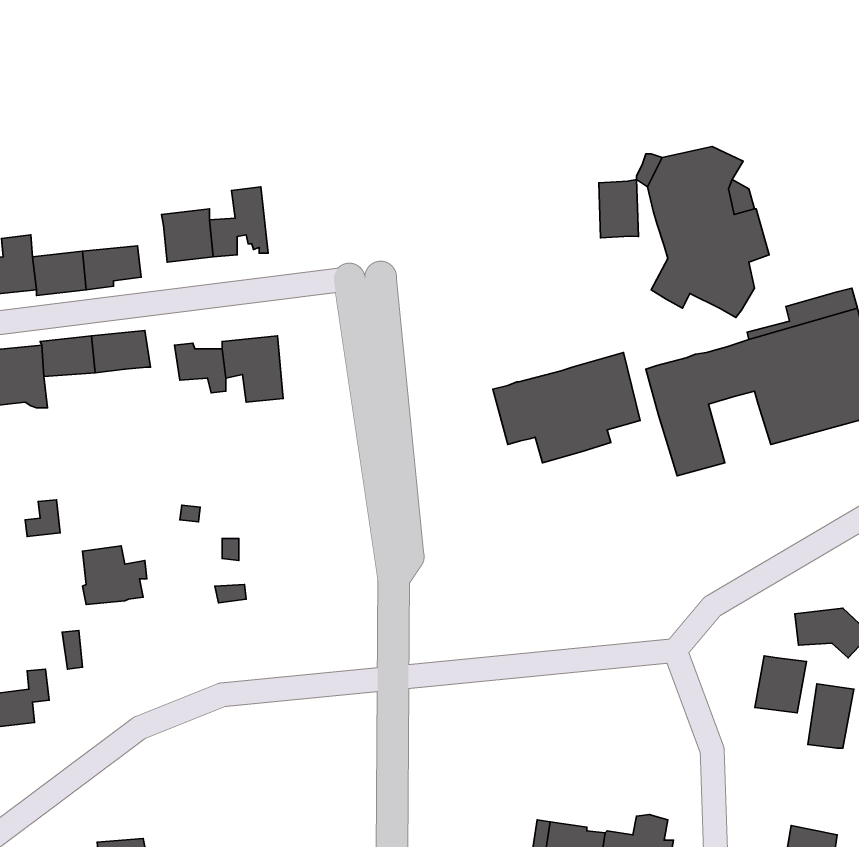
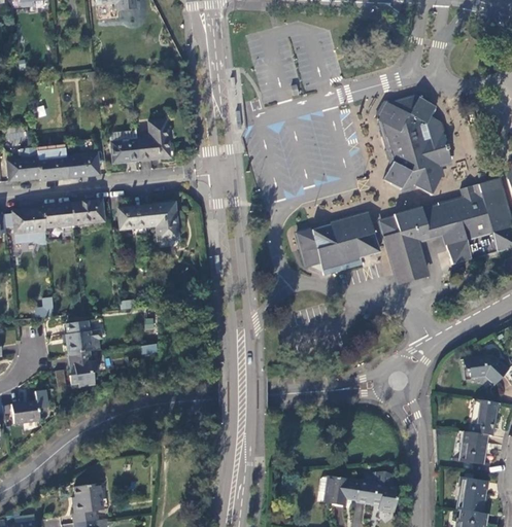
building: [599,179,639,238] -> none
building: none -> [68,353,97,389]
building: [755,656,806,713] -> [459,432,488,464]

